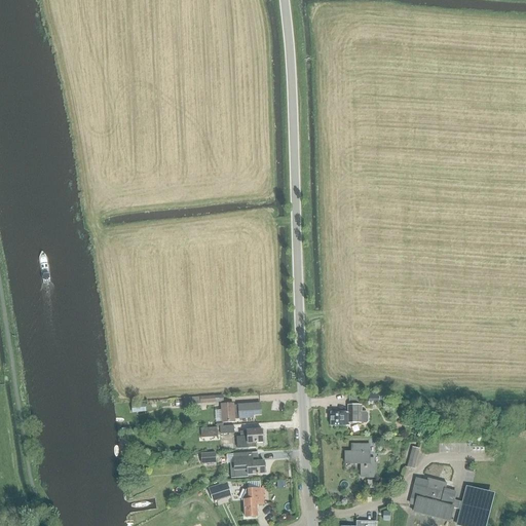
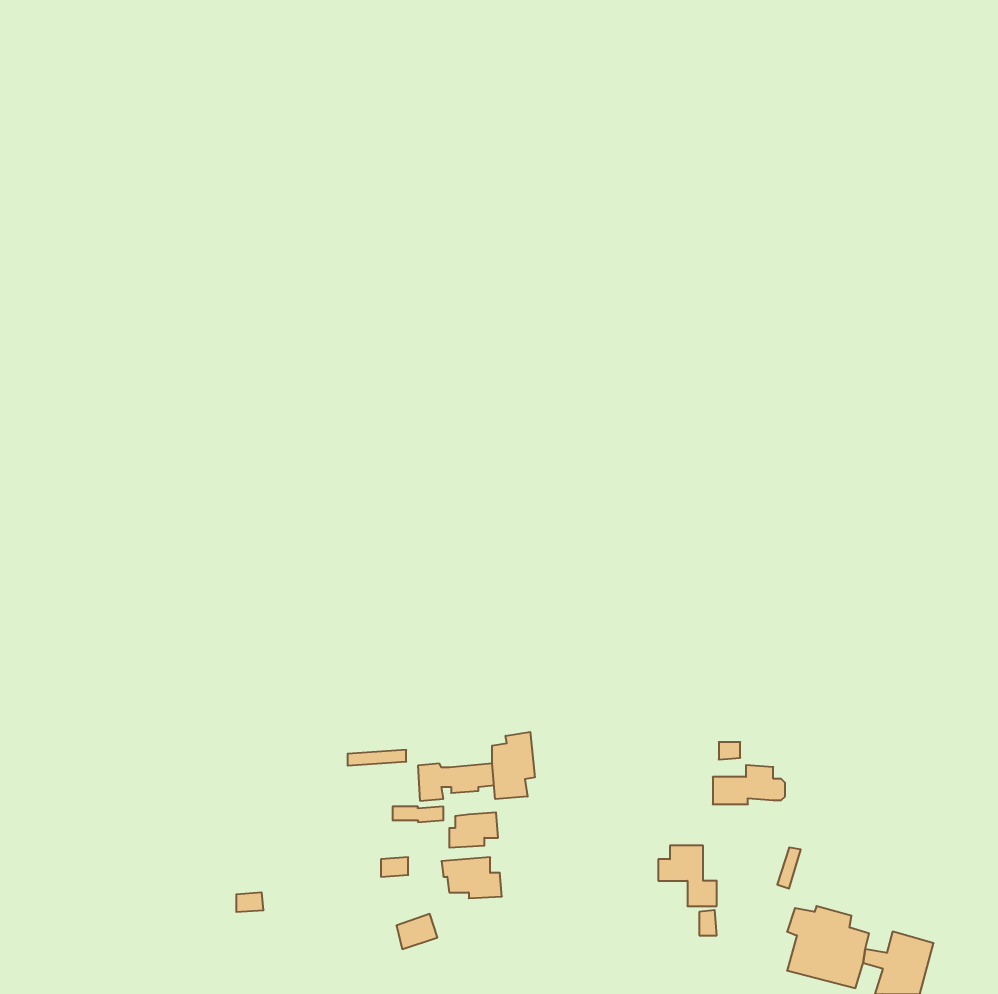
building: none -> [492,732,535,799]
building: [330,405,368,425] -> [713,765,785,804]
building: [240,487,263,516] -> none

